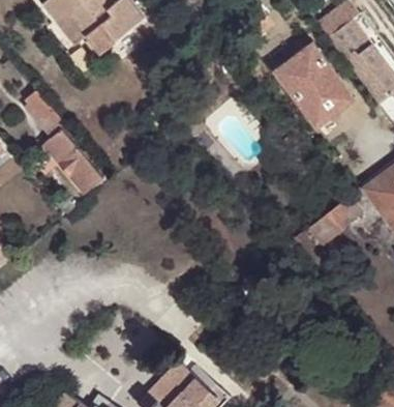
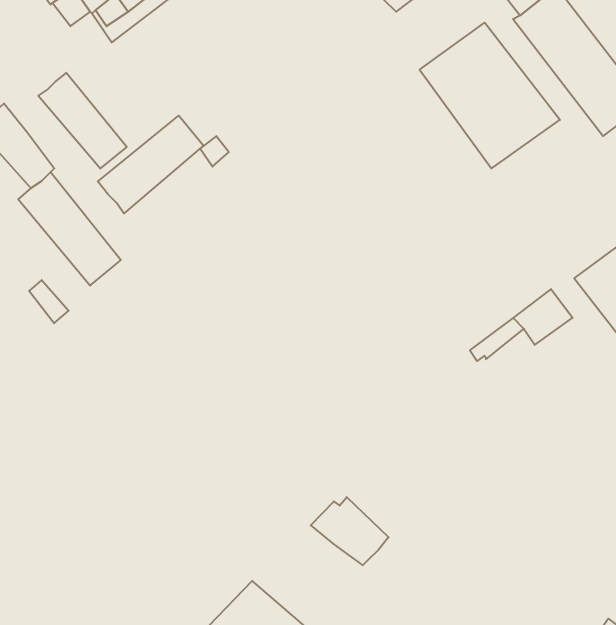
building: none -> [38,73,127,169]
building: none -> [98,116,204,214]
building: none -> [311,497,389,565]

